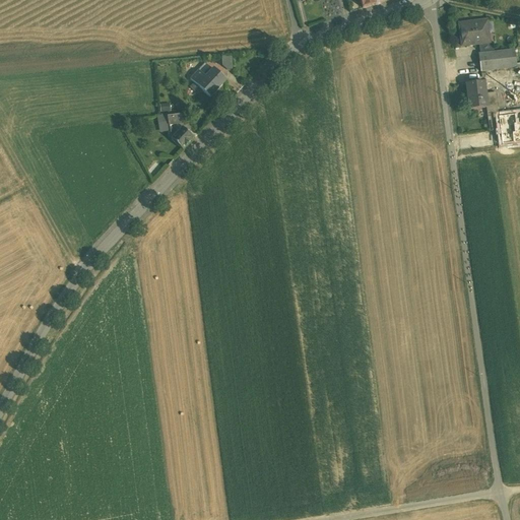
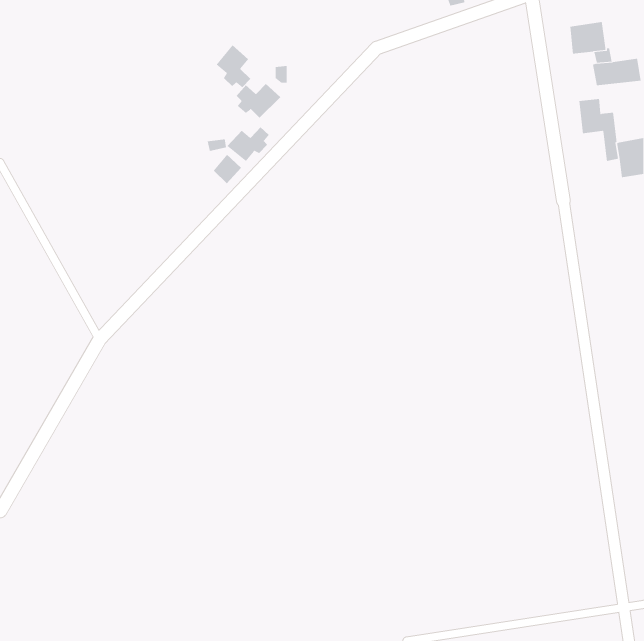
building: none -> [216,45,251,88]
building: none -> [227,126,270,162]

